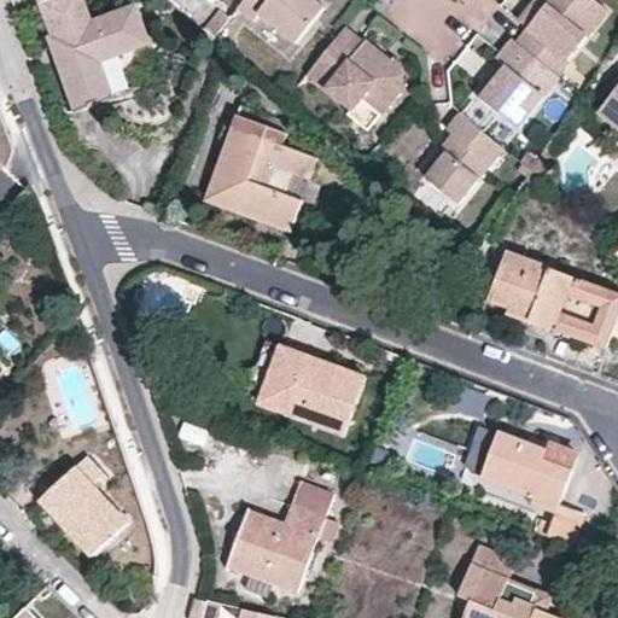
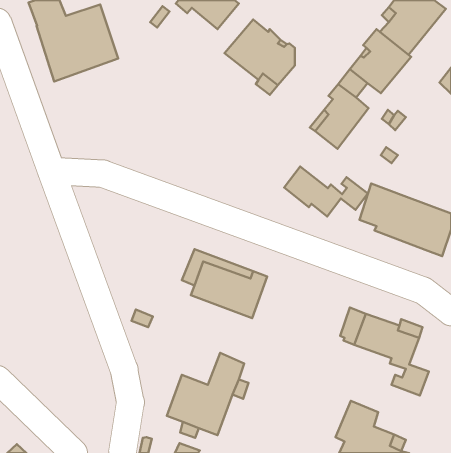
building: [205,115,315,232] -> none
building: none -> [284,166,368,216]
building: [35,450,123,550] -> none

